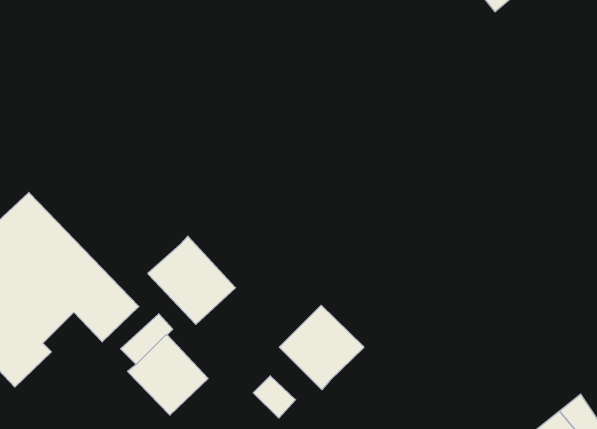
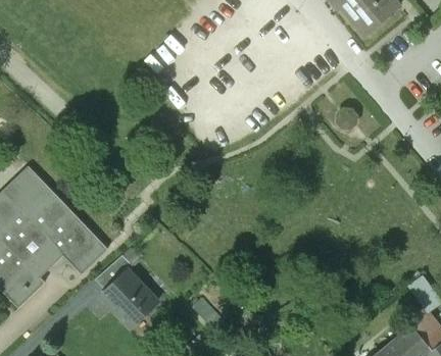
building: [148,236,236,324] -> none
building: [279,305,364,390] -> none

